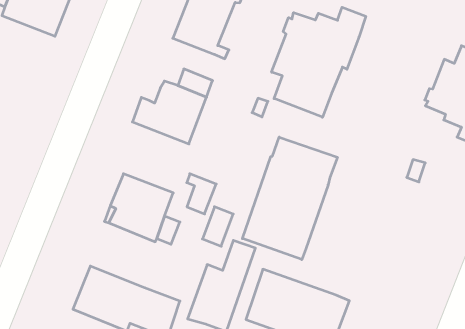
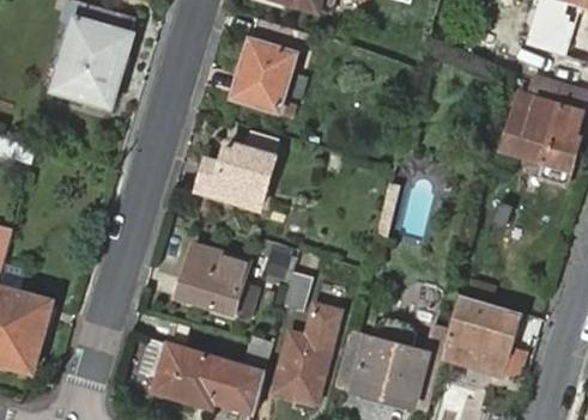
building: [272,7,366,117] -> none
building: [242,137,337,260] -> none
building: none -> [442,293,521,375]

